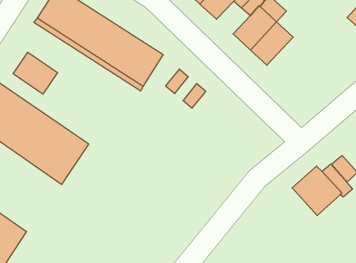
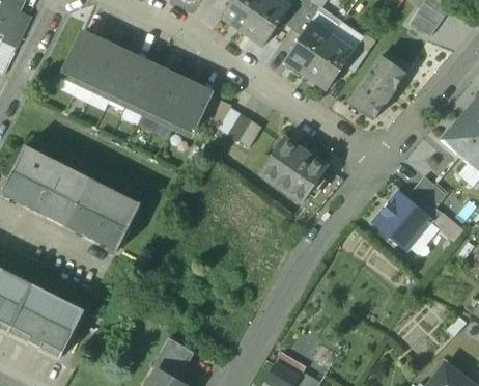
building: none -> [349,56,405,118]
building: [13,52,58,94] -> none
building: none -> [260,137,329,201]

